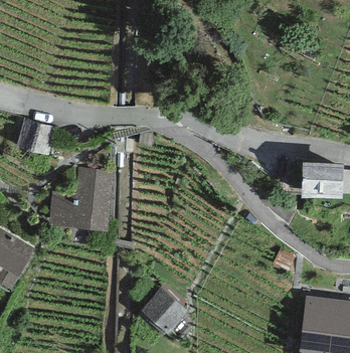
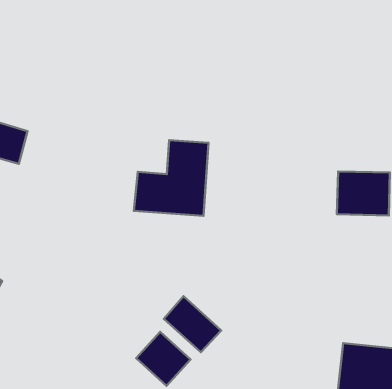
building: [49,167,109,227] -> [134,140,208,216]
building: none -> [164,296,221,352]

